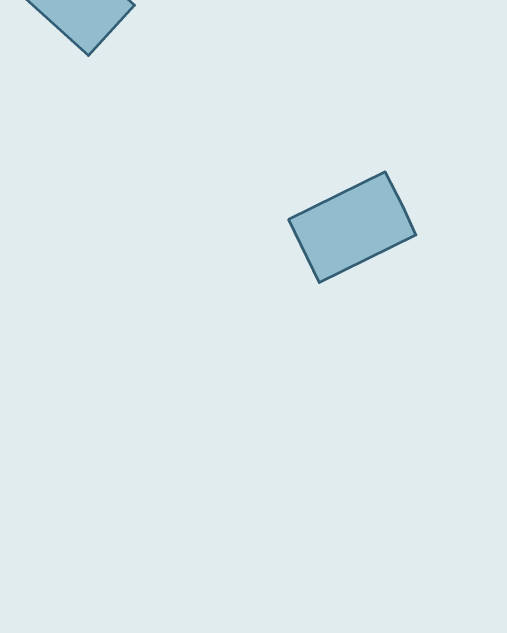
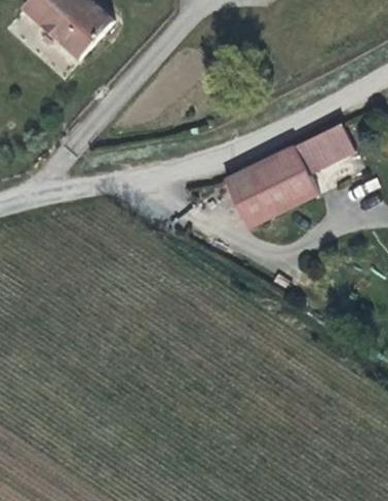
building: none -> [295,123,352,171]

